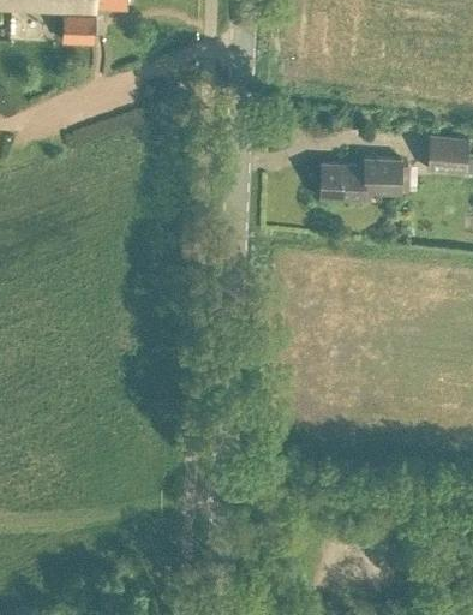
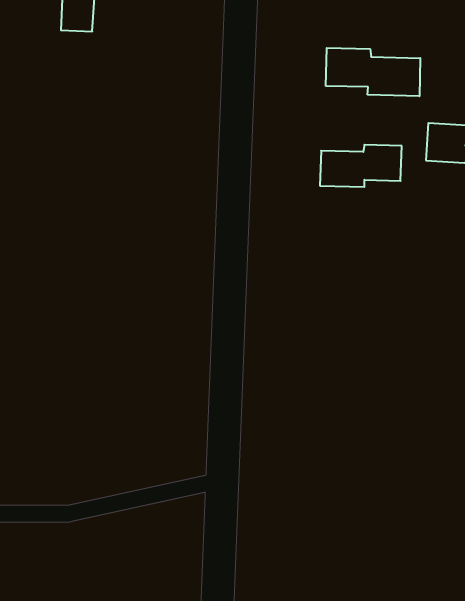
building: none -> [326,48,420,96]

